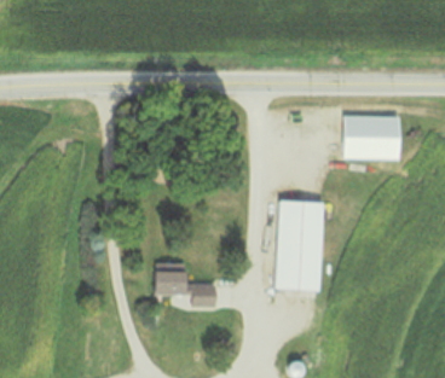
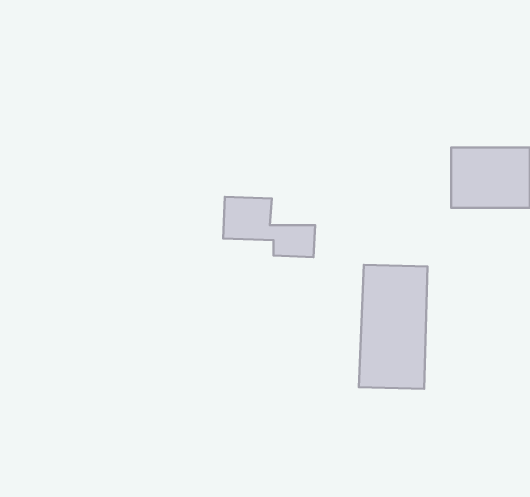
building: [152,263,219,307] -> [223,197,315,257]

